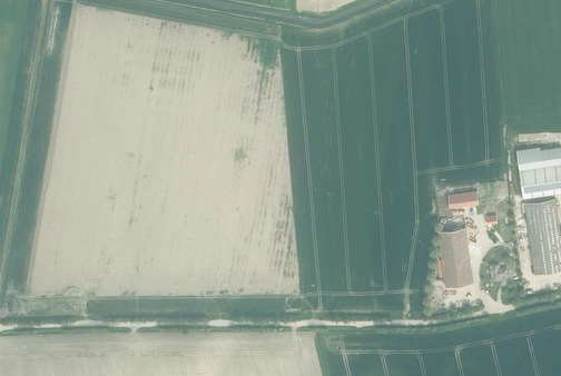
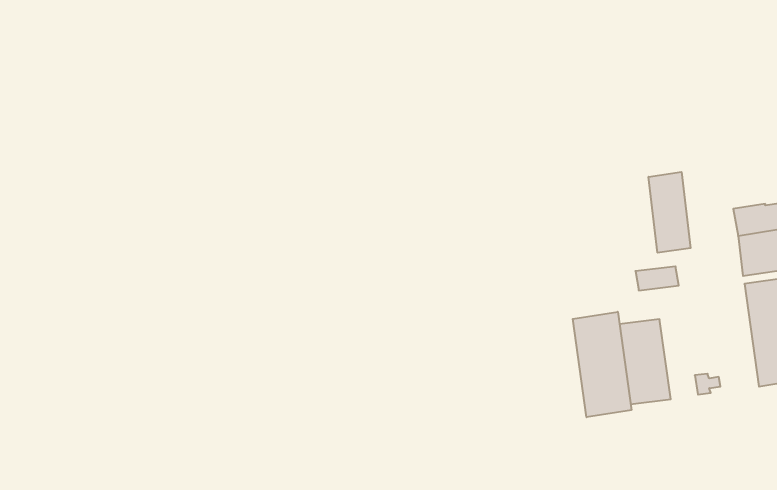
building: none -> [649,172,691,253]
building: none -> [573,312,631,417]

